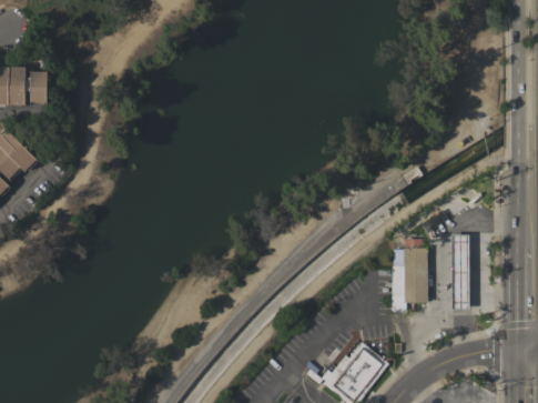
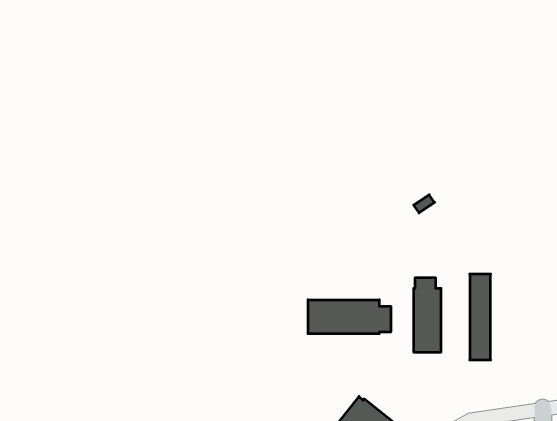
building: none -> [308,300,391,334]

